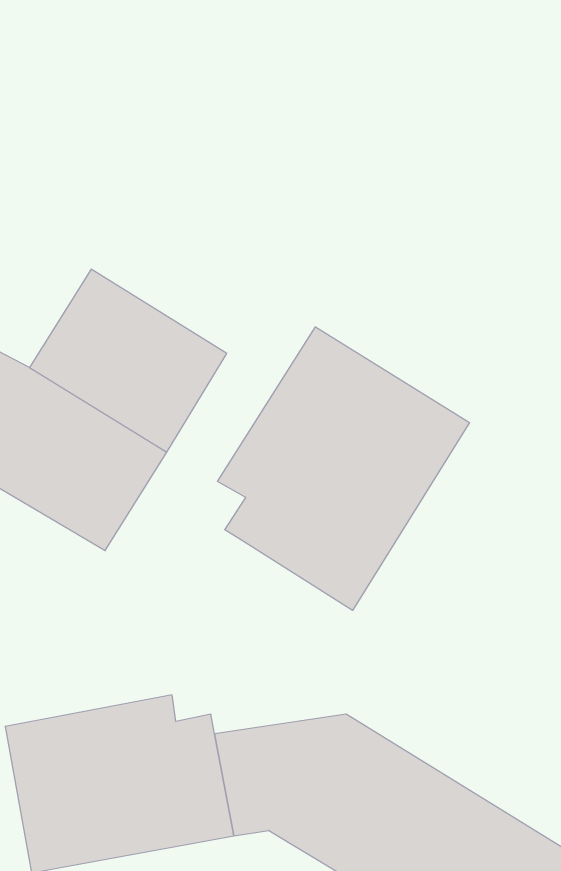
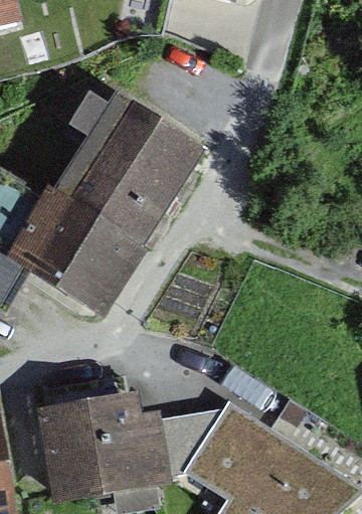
building: none -> [88,102,201,206]
building: [217,327,470,610] -> none

